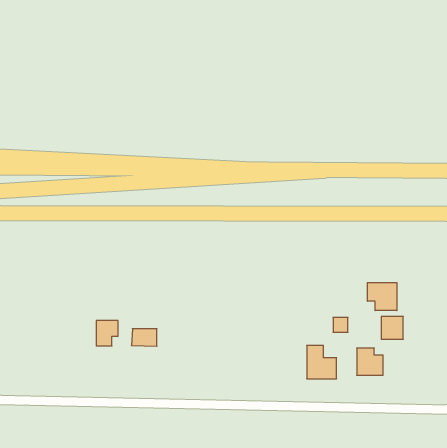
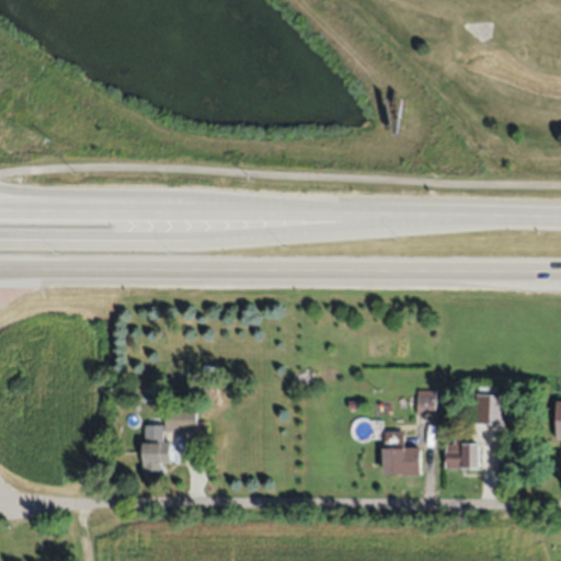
building: [367,283,397,311] -> none
building: [96,321,118,346] -> [142,443,170,474]

